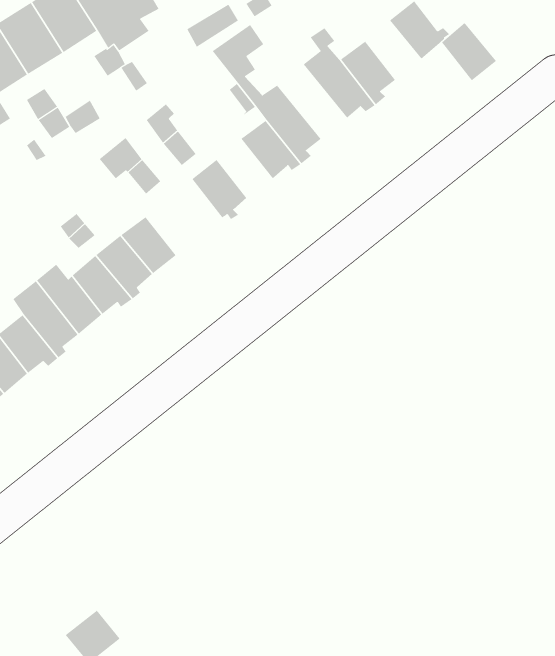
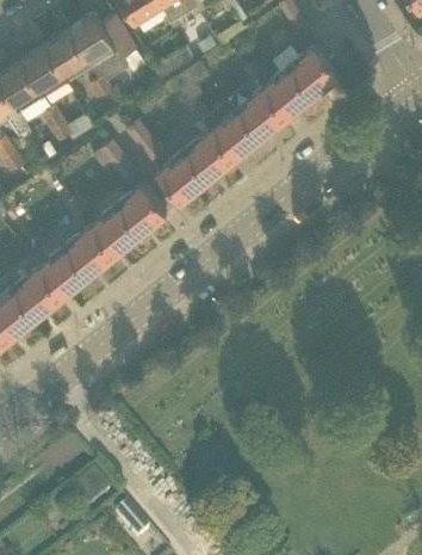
building: [441,22,497,81] -> [283,57,322,99]
building: none -> [221,88,269,141]
building: none -> [178,141,217,183]
building: none -> [128,181,167,223]

